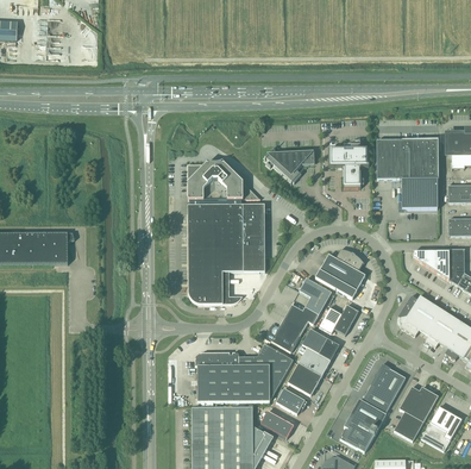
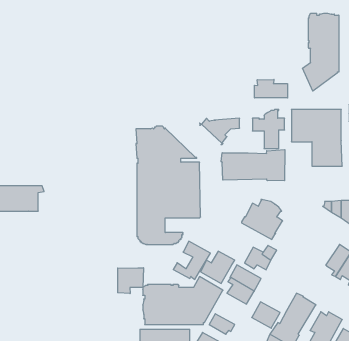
building: none -> [302,13,339,91]
building: none -> [254,79,288,98]
building: none -> [221,150,285,181]
building: [287,277,332,324] -> [173,241,210,279]
building: [397,294,434,336] -> none
building: none -> [118,268,143,294]
building: [287,363,321,395] -> [252,302,280,328]

